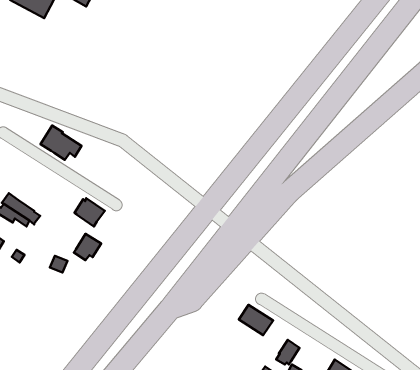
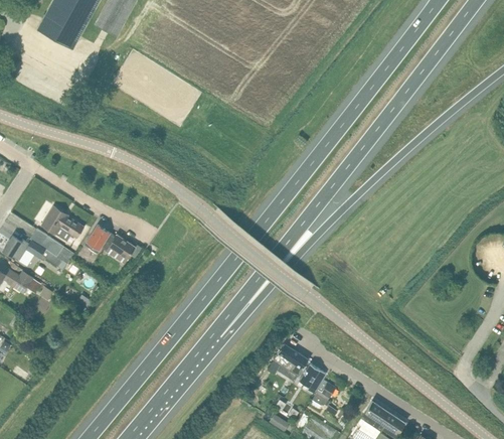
building: [40,125,82,160] -> [41,205,83,241]
building: [74,234,101,260] -> [85,225,113,252]
building: none -> [299,362,325,392]

